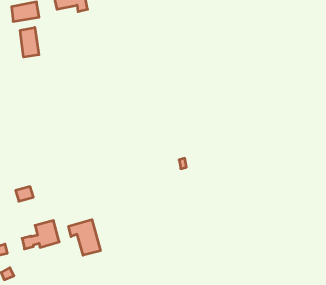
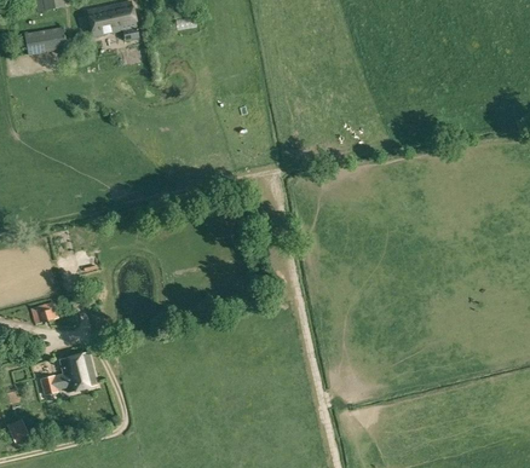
building: [20,27,39,57] -> none
building: [69,220,100,255] -> none

